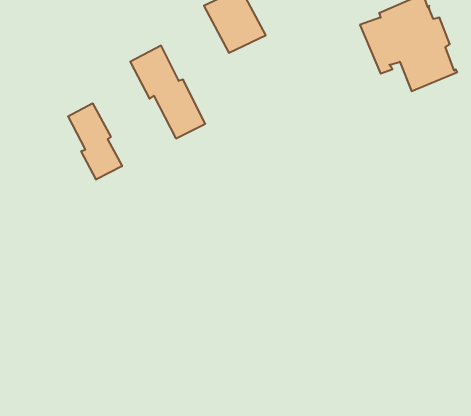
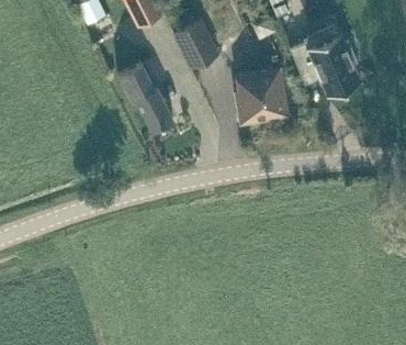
building: none -> [235,68,285,122]
building: [68,103,122,180] -> none

